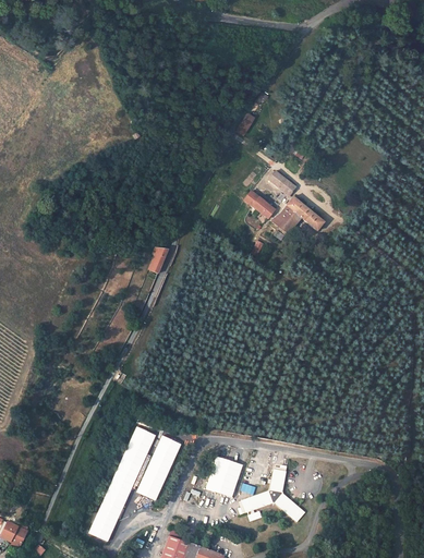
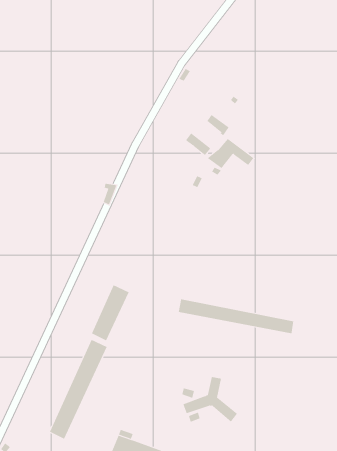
building: none -> [178,298,294,334]
building: [137,436,181,500] -> [91,285,130,341]
building: [207,457,242,496] -> none

